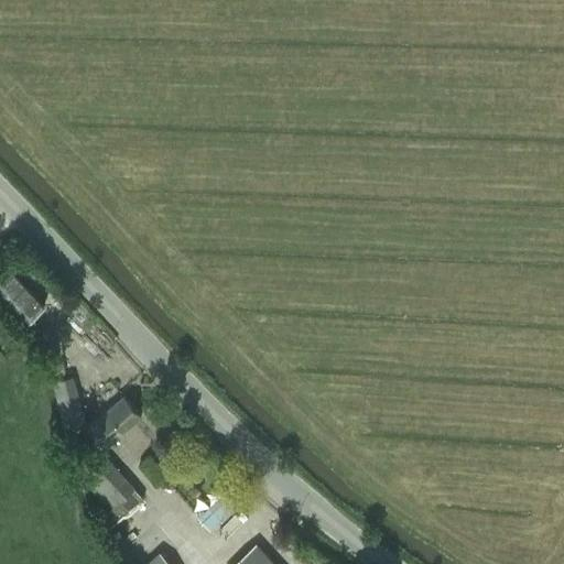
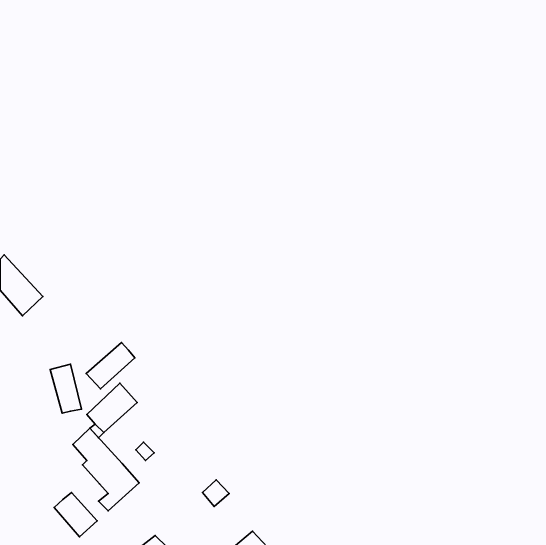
building: none -> [86,342,135,389]
building: none -> [54,492,97,537]

